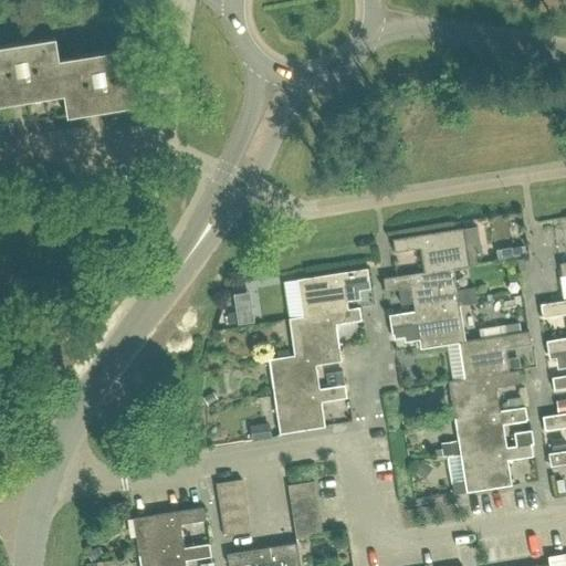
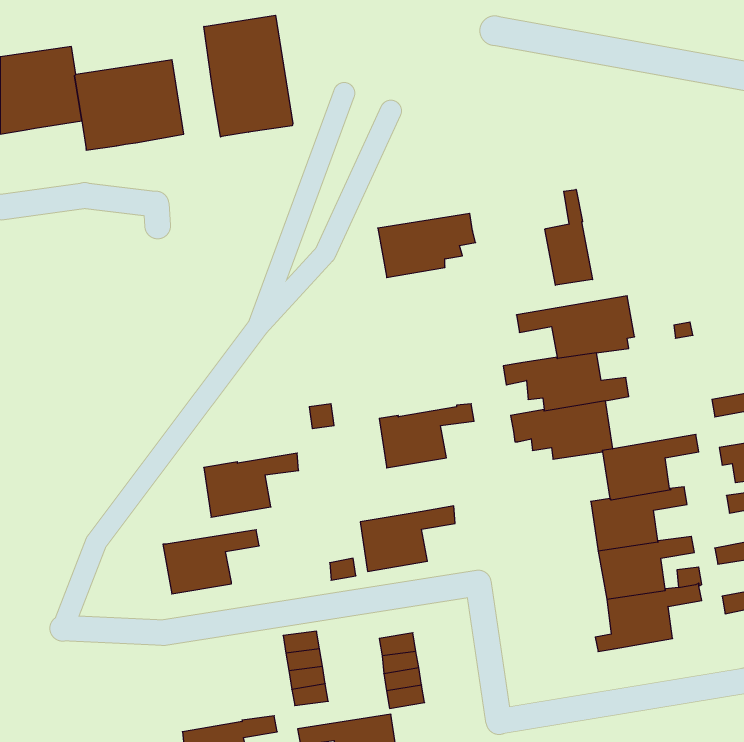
building: none -> [204,15,293,137]
building: none -> [545,189,593,285]
building: [296,270,370,318] -> [378,213,476,278]
building: [269,349,340,398] -> [204,453,299,517]
building: [133,509,206,557] -> [163,530,259,594]

